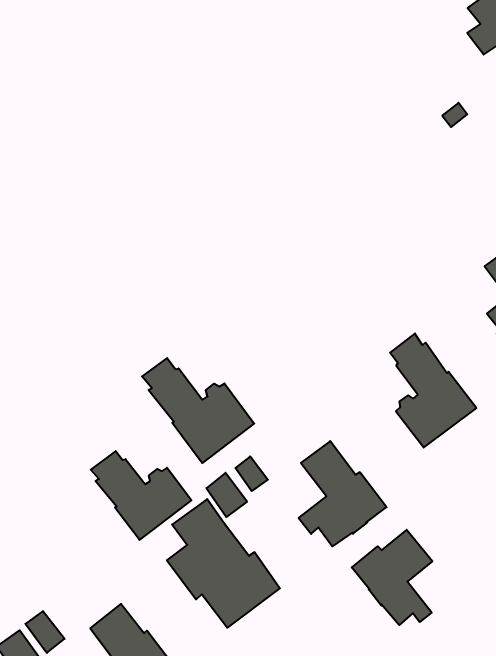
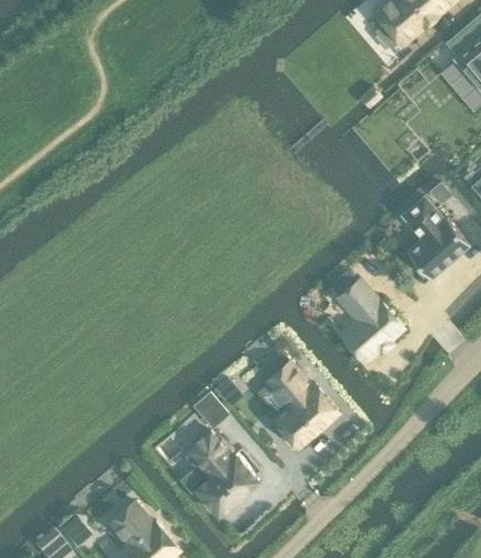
building: [142,358,254,463] -> none
building: [91,451,191,540] -> none
building: [352,530,432,625] -> none

